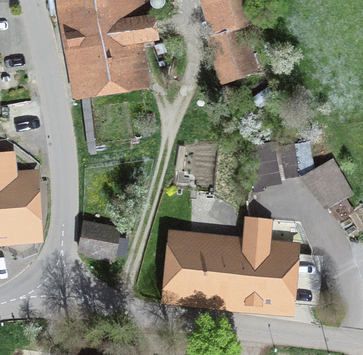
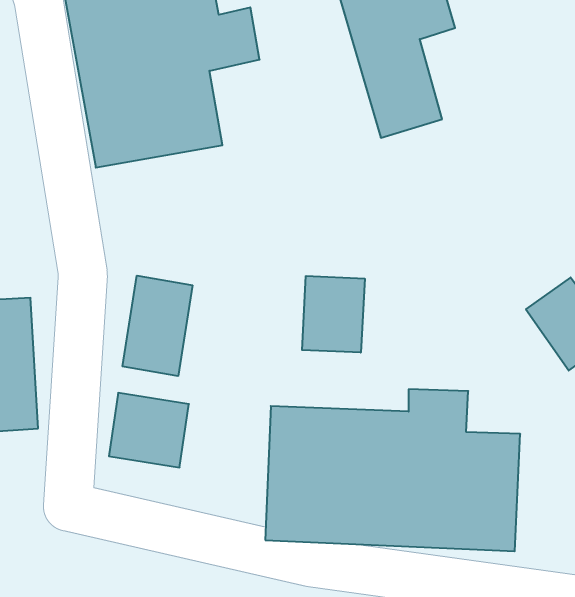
building: none -> [123,276,192,376]
building: none -> [302,276,365,353]

